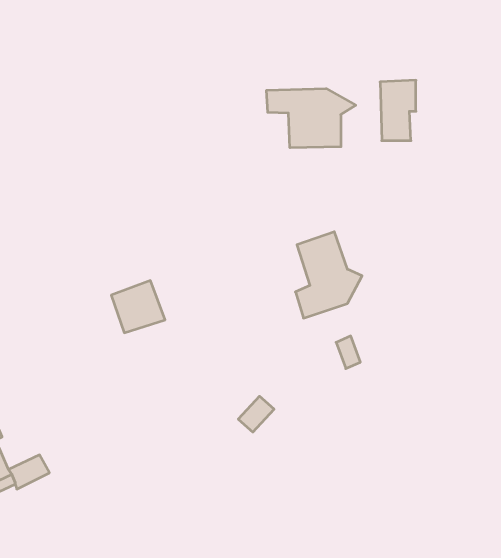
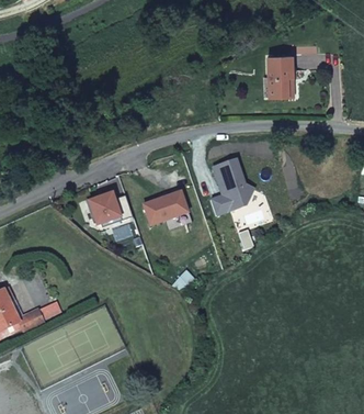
building: [267,89,356,148] -> none
building: none -> [144,190,187,224]

